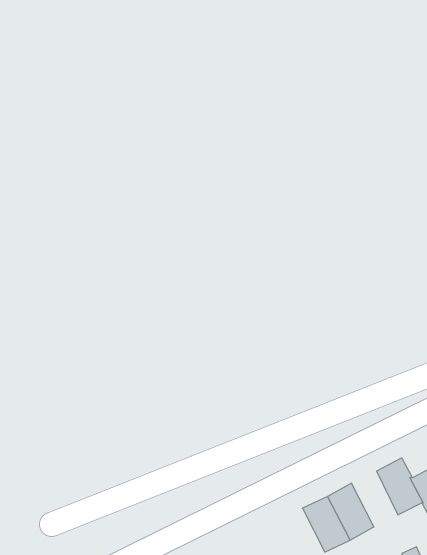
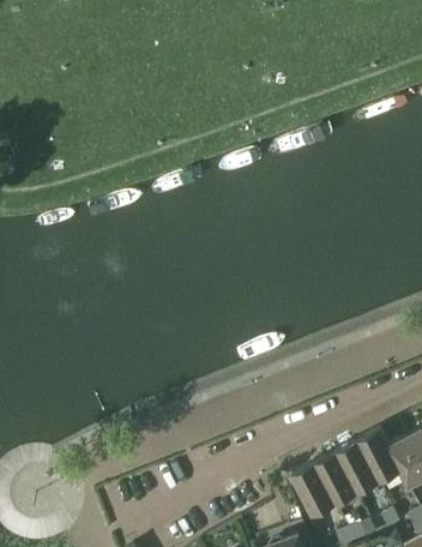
building: none -> [336,440,378,491]

